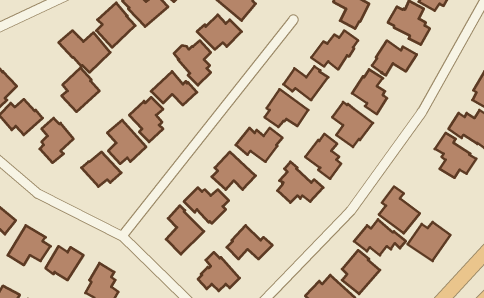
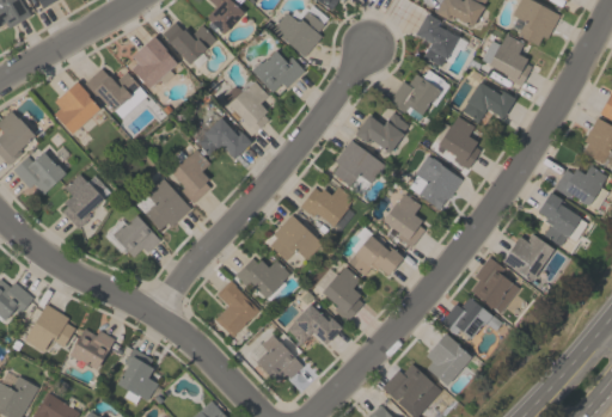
building: [62,68,99,112] -> [55,81,100,134]
building: none -> [314,268,365,323]
building: [408,222,450,261] -> [503,234,555,281]

